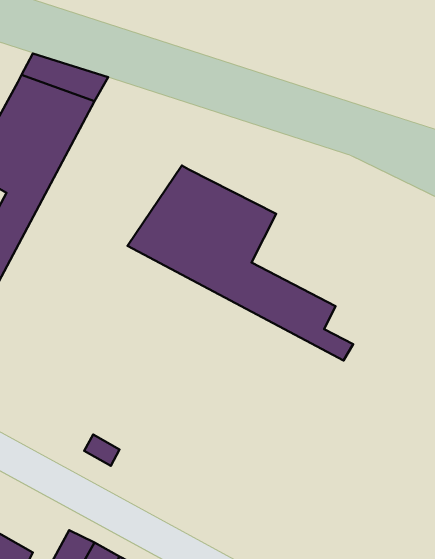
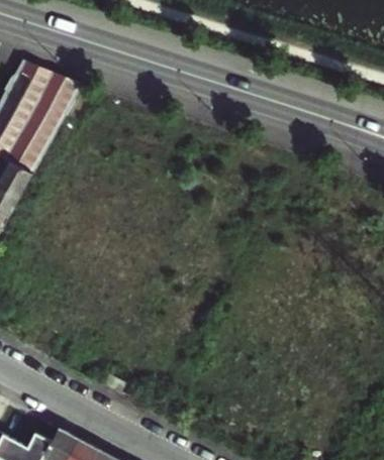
building: [127,166,353,361] -> none

